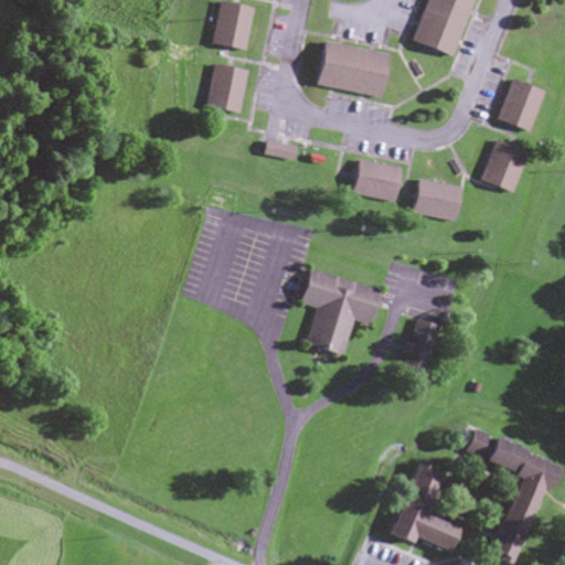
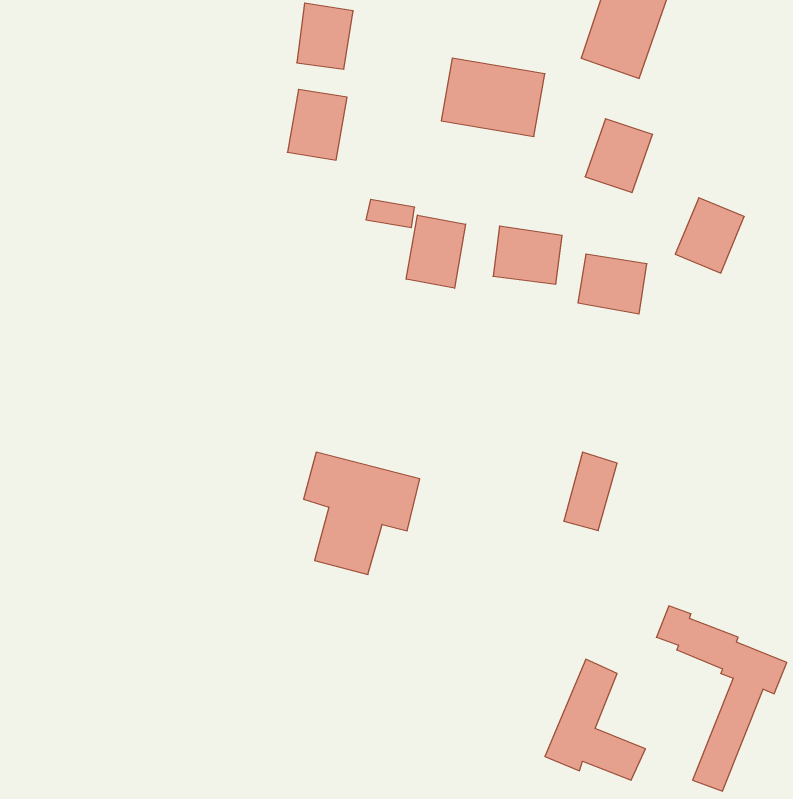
building: [499,78,546,130] -> [585,119,653,193]
building: none -> [406,215,466,288]
building: [300,268,382,354] -> [304,452,420,575]

